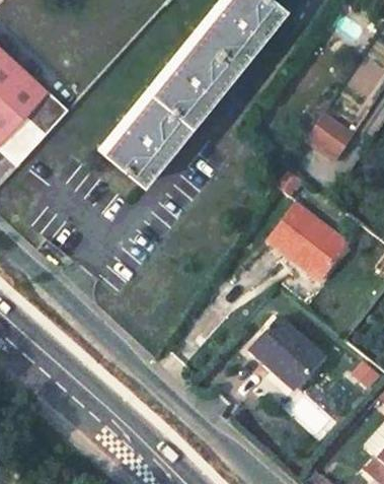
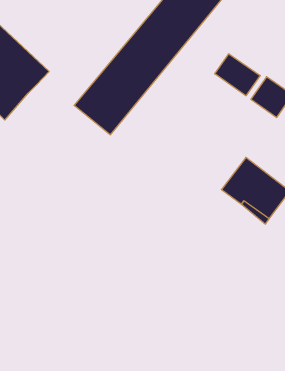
building: none -> [215,54,260,96]
building: [248,321,322,391] -> none

